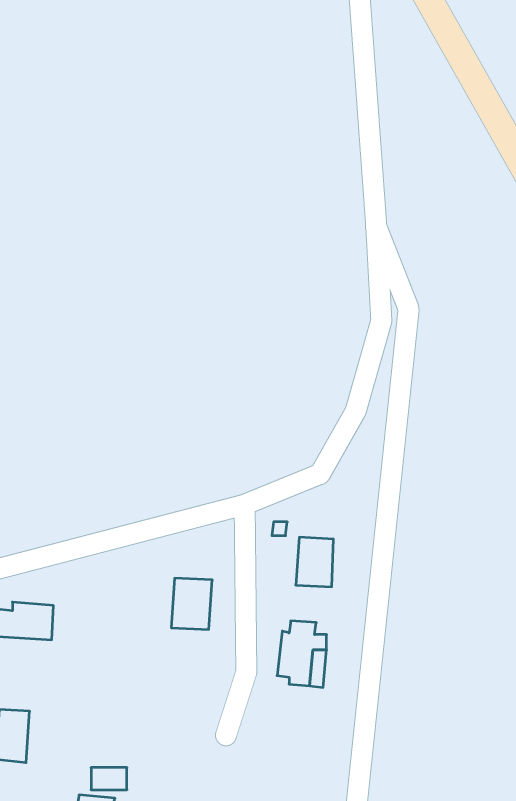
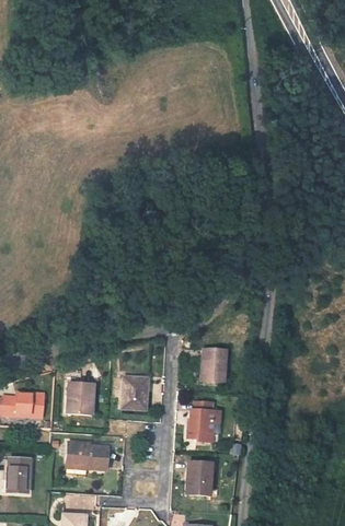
building: none -> [67,377,95,411]
building: none -> [67,442,108,471]
building: none -> [185,463,211,494]

